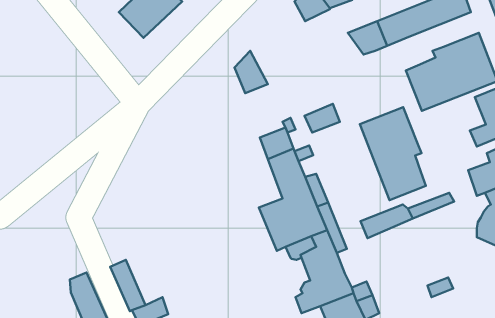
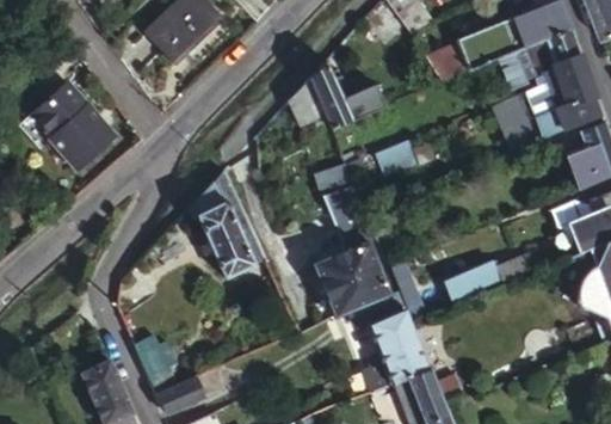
building: none -> [496,31,581,94]
building: none -> [304,57,385,128]
building: none -> [29,80,112,168]
building: [360,107,426,200] -> none
building: none -> [183,168,263,276]

